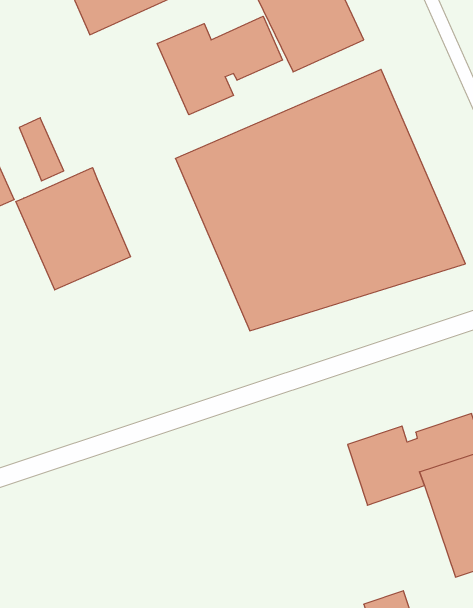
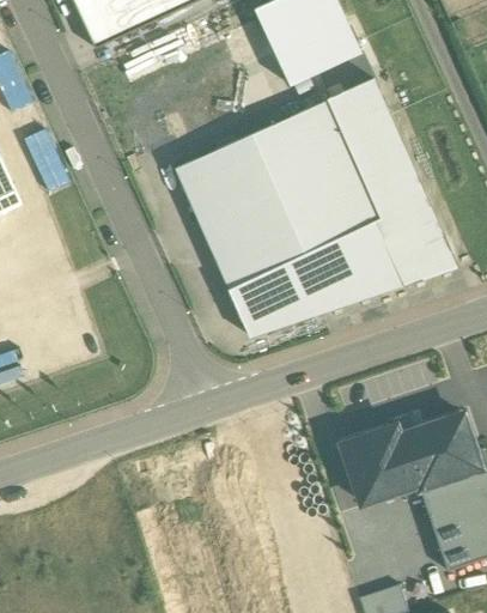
building: [157,16,282,115] -> none
building: [16,168,130,290] -> none

